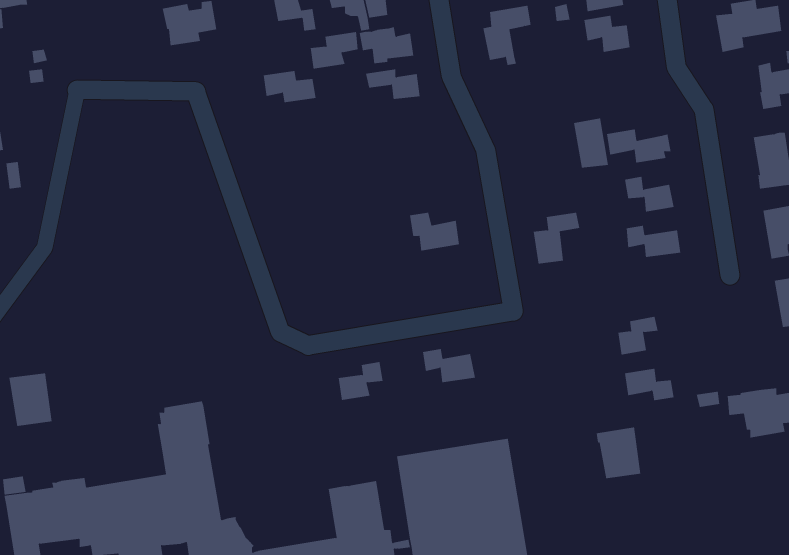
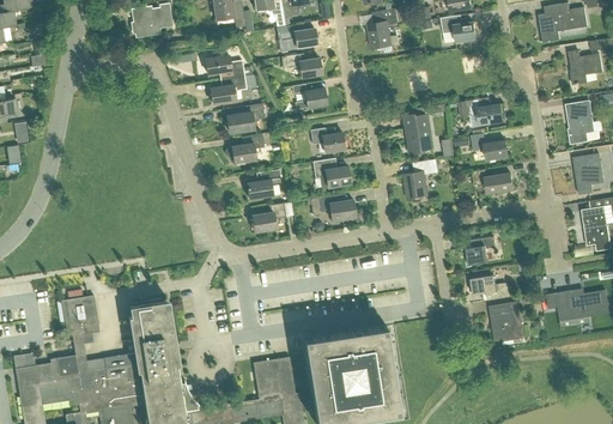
building: [310,32,359,69] -> [210,75,245,103]
building: none -> [291,84,326,109]
building: [573,118,609,168] -> [405,114,431,151]
building: none -> [226,103,263,132]
building: none -> [310,127,344,152]
building: none -> [224,134,263,163]
building: none -> [247,169,281,199]
building: [422,349,476,383] -> [316,195,356,220]
building: [338,362,383,401] -> [251,202,285,231]
building: [8,373,52,426] -> [66,295,98,334]
building: [596,427,641,479] -> [490,301,523,339]

